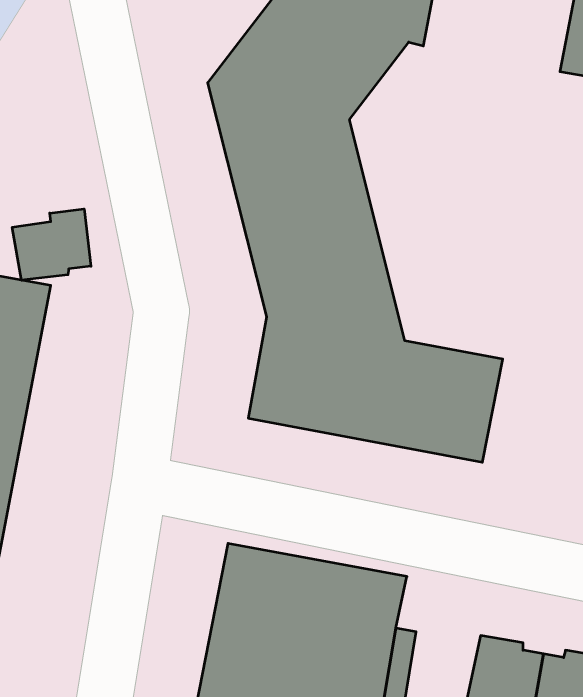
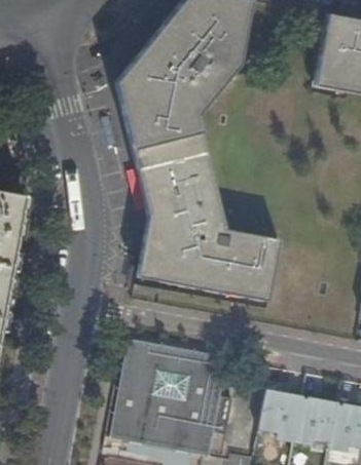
building: [12,209,91,280] -> none

